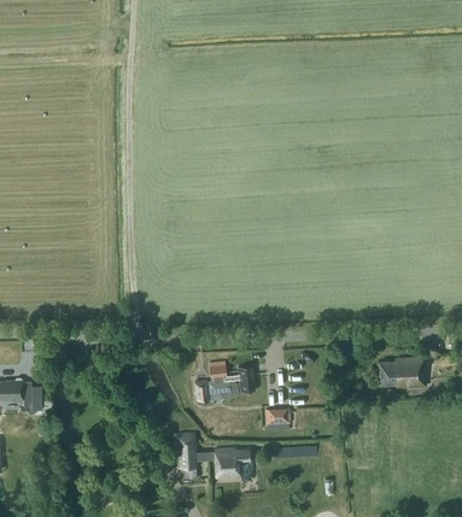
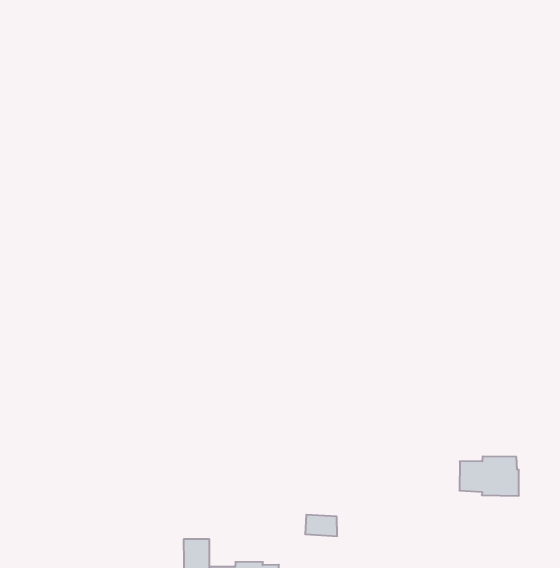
building: [198,362,239,399] -> none

